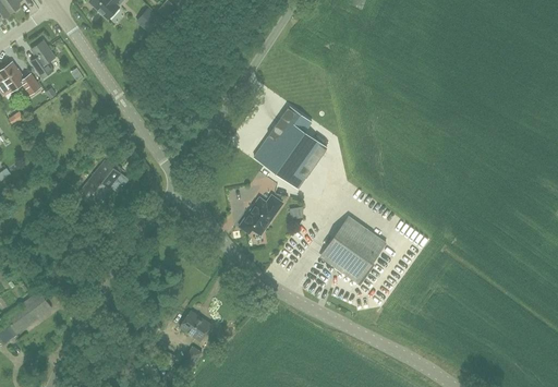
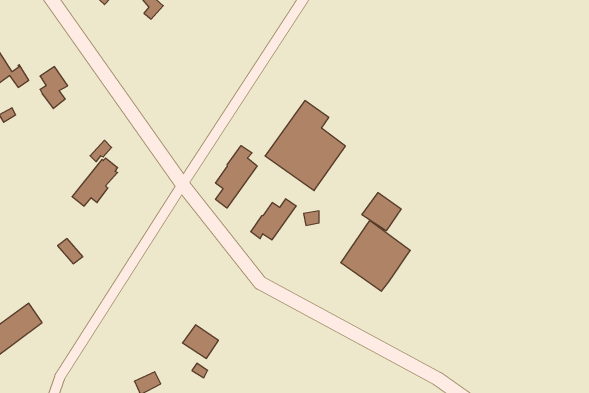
building: [29,39,54,77] -> [40,67,68,109]
building: none -> [216,146,257,208]
building: none -> [362,193,401,231]

